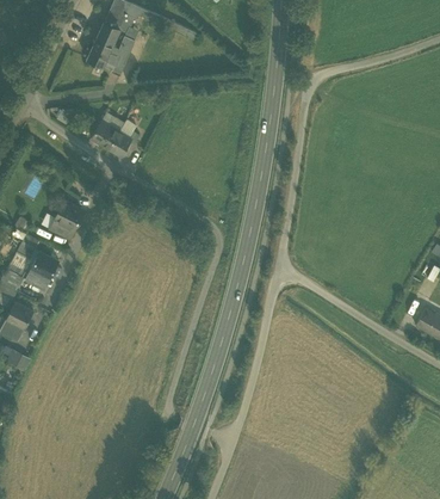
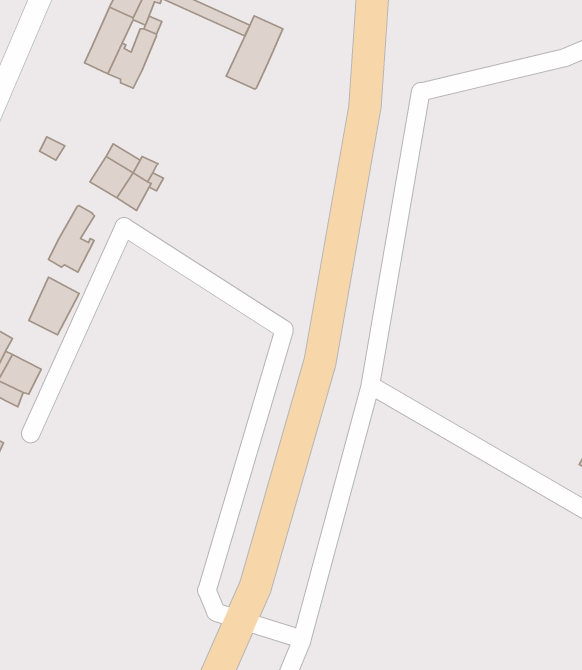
building: none -> [226,16,283,89]
building: none -> [48,205,94,272]

